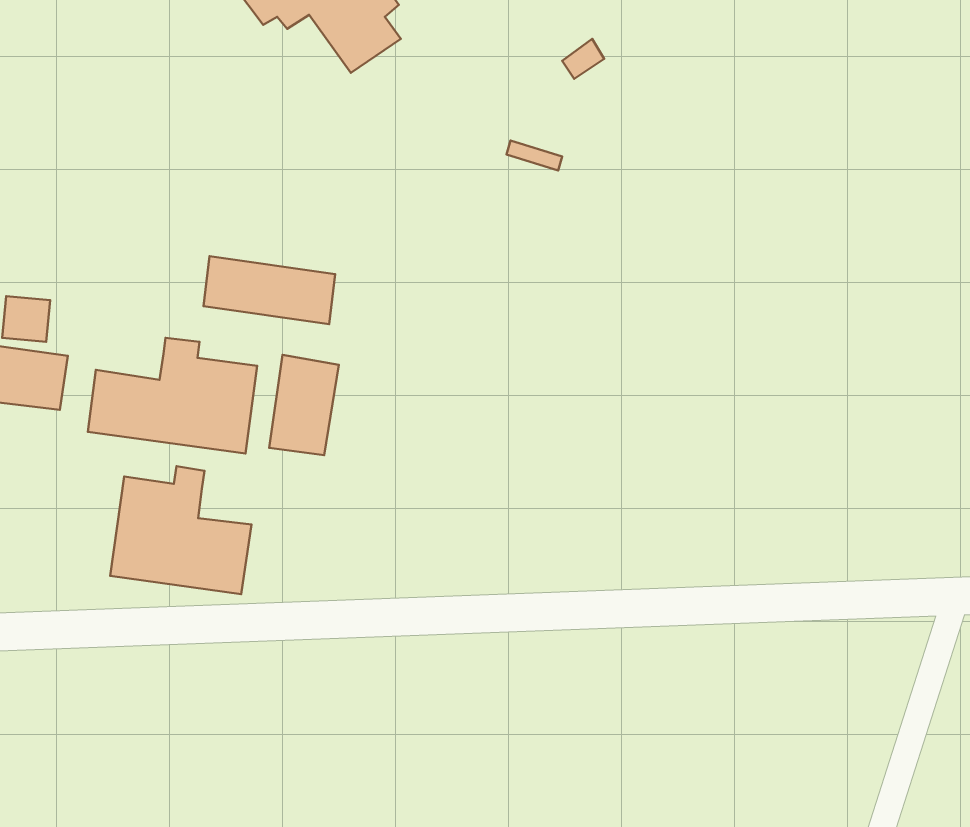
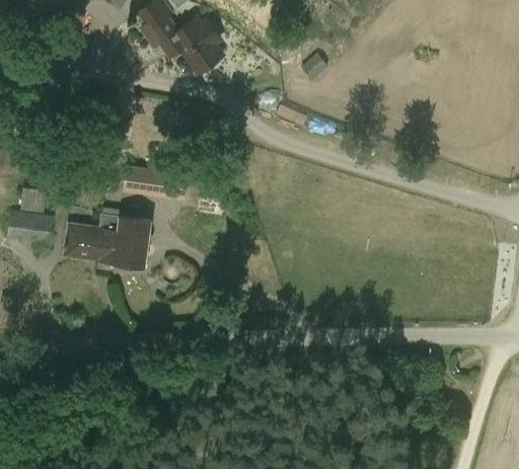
building: [269,355,339,455] -> none
building: [110,466,252,594] -> none

